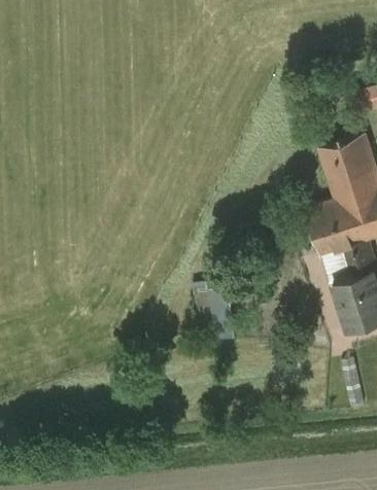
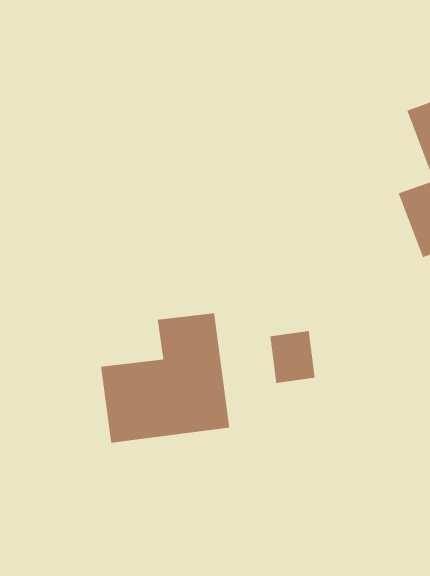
building: none -> [100,313,230,444]

